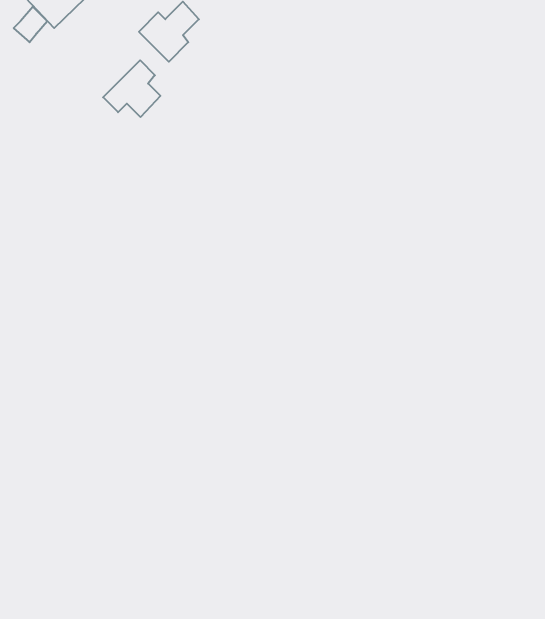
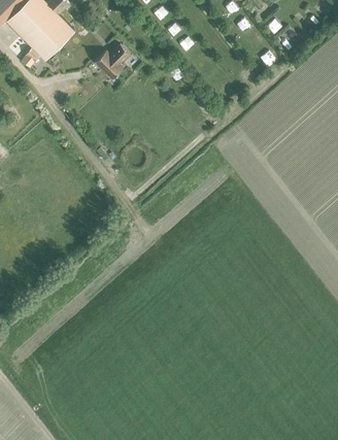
building: [103,60,160,117] -> none

